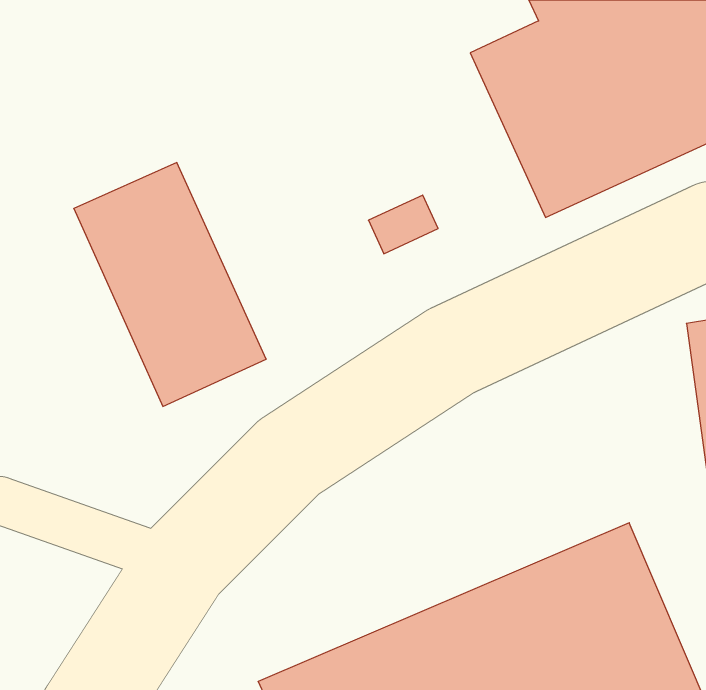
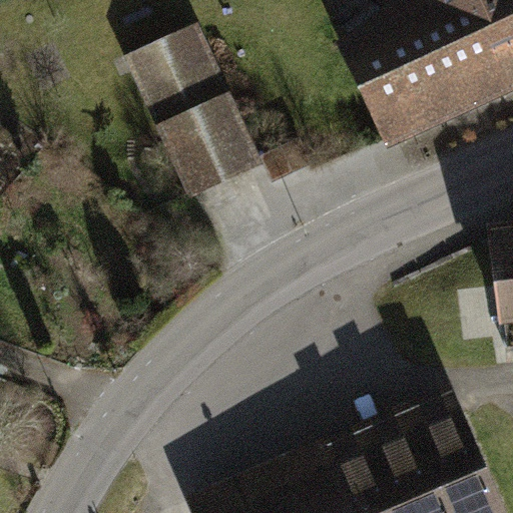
building: [74,163,266,406] -> [133,42,272,217]

